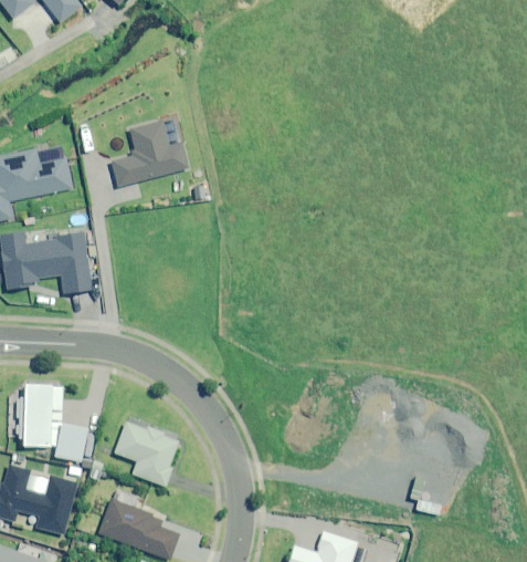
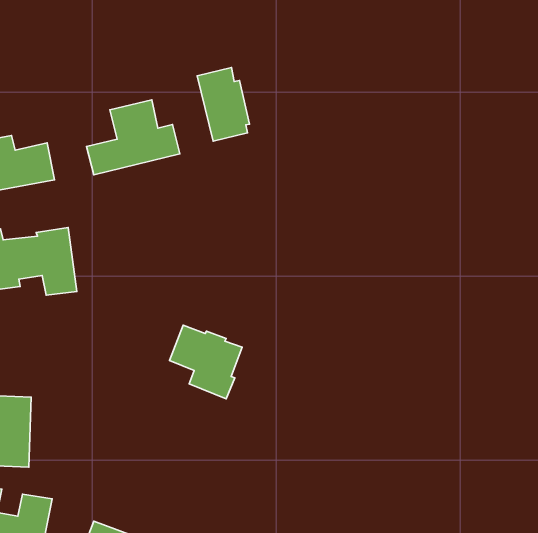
building: none -> [197,68,250,141]
building: [114,420,179,487] -> [170,325,242,399]
building: [53,423,86,462] -> none

